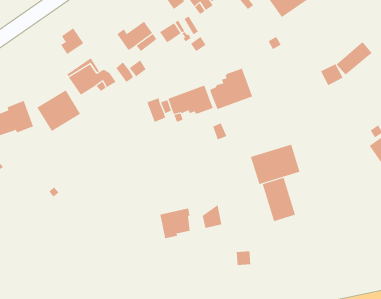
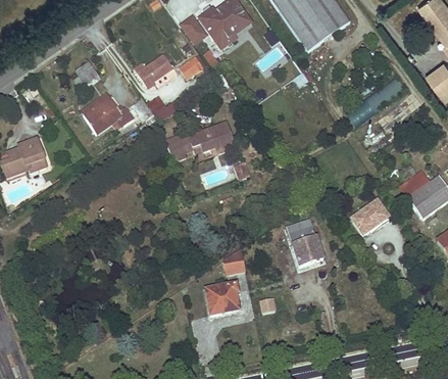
building: [210,68,253,110] -> none
building: [37,89,81,132] -> none
building: [250,144,300,185] -> none
building: none -> [351,200,390,234]
building: [160,208,191,239] -> [205,282,238,315]

